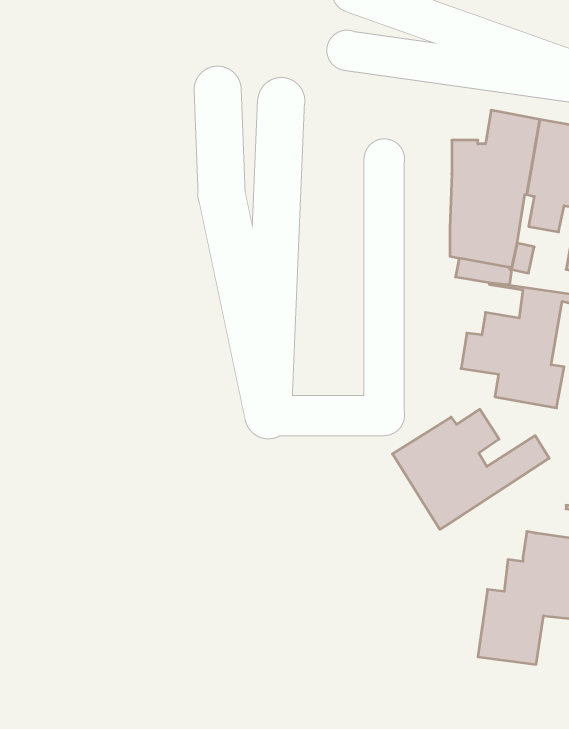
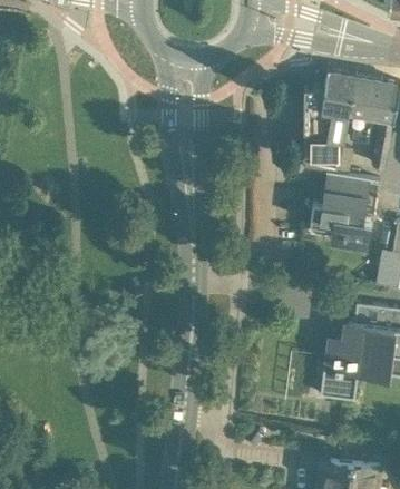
building: [392,409,549,529] -> none

